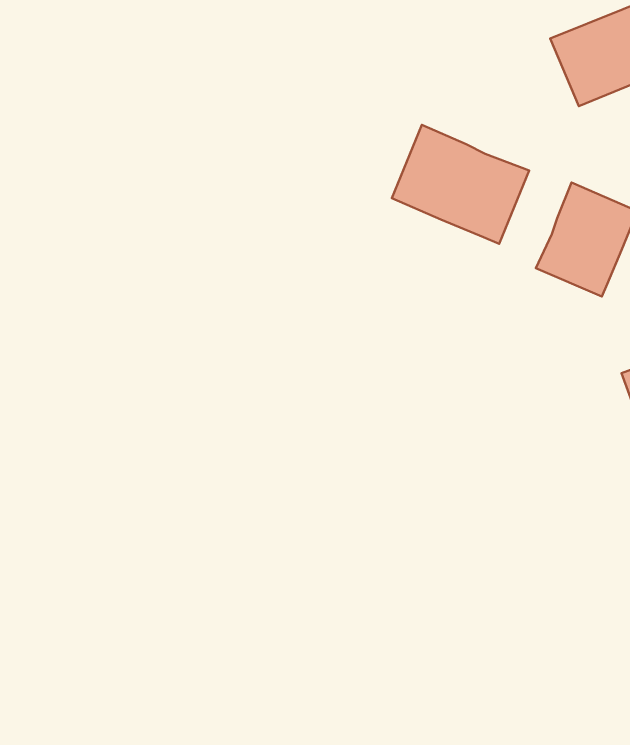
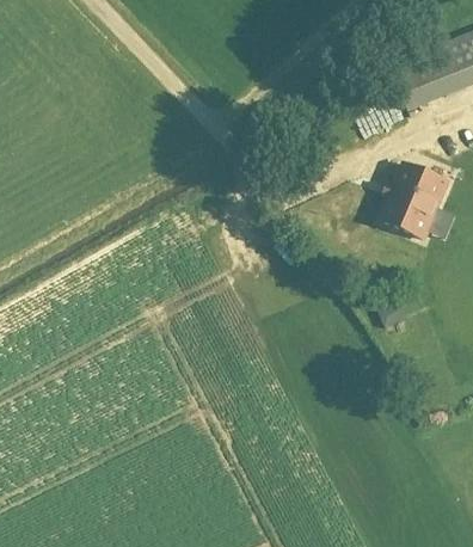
building: [392,125,529,244] -> none

